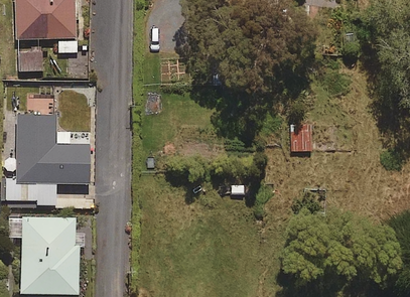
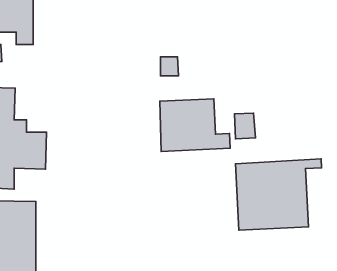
building: none -> [160,99,230,151]
building: none -> [236,159,321,230]

